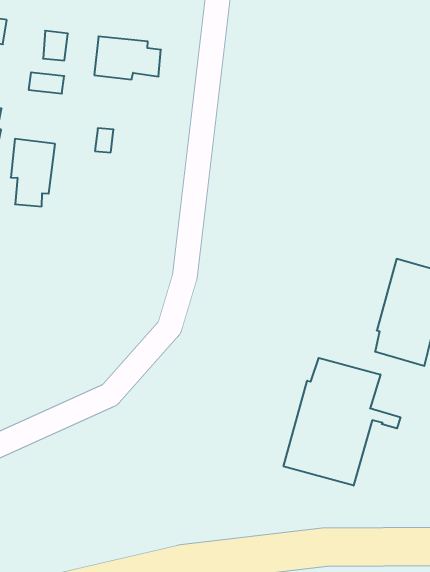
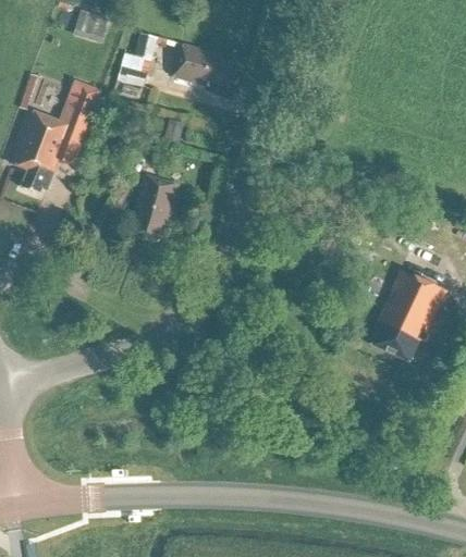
building: [11,139,55,206] -> [137,175,179,235]
building: [284,358,400,486] -> none

